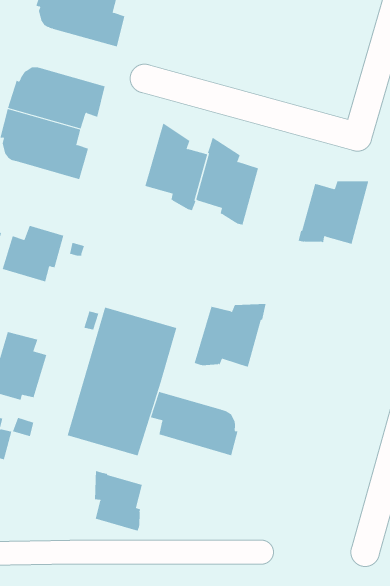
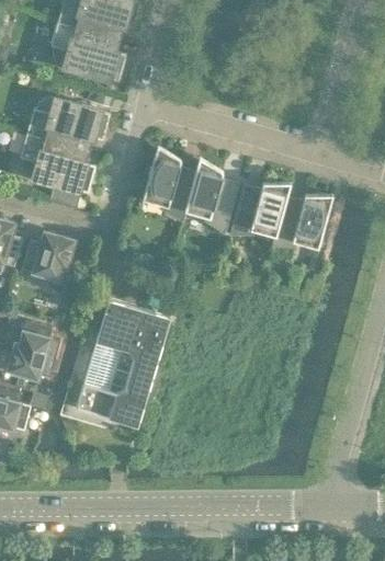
building: [194,303,267,367] -> [228,183,290,237]
building: [150,391,238,456] -> none
building: [95,470,143,532] -> none

